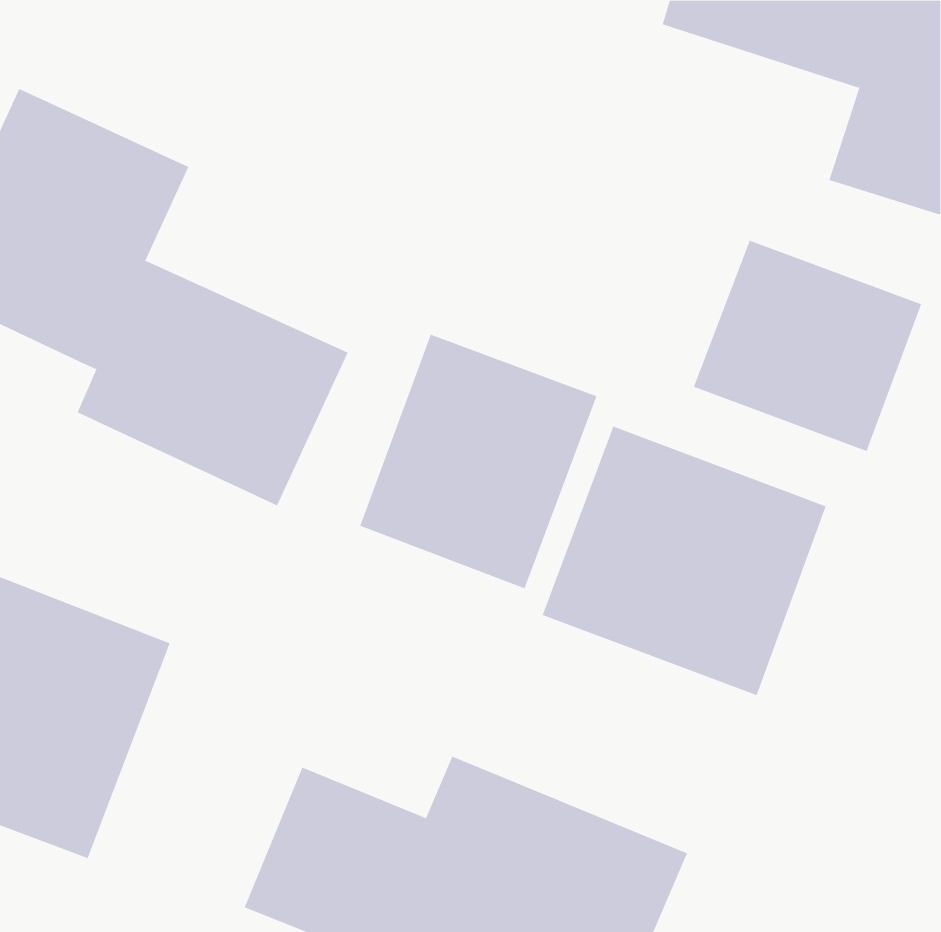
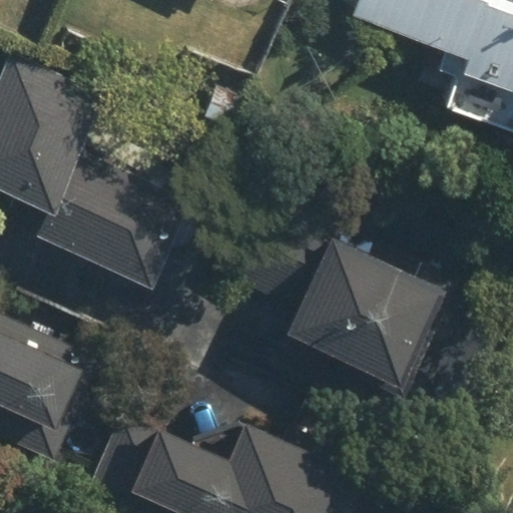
building: [693,240,922,452] -> none
building: [359,334,597,589] -> none

